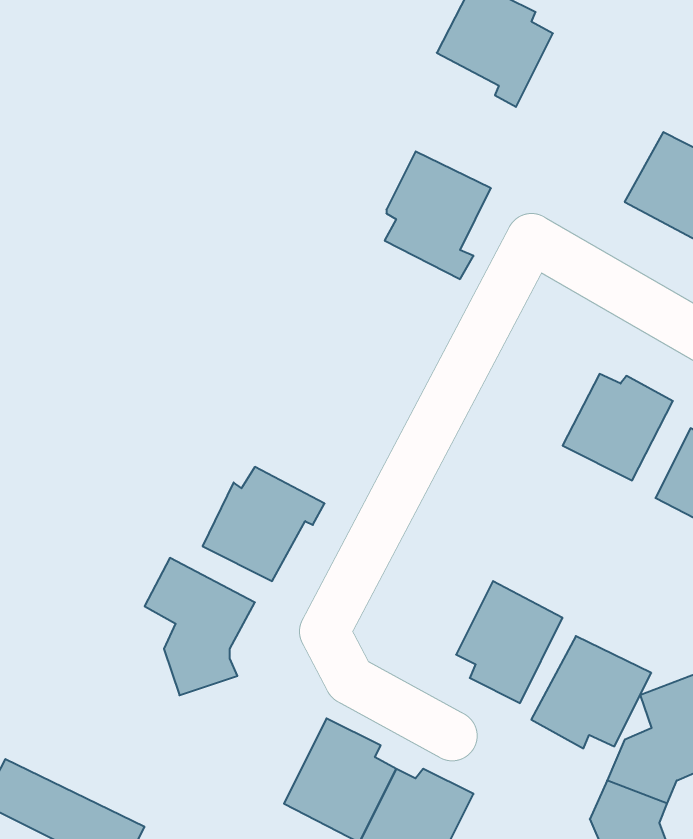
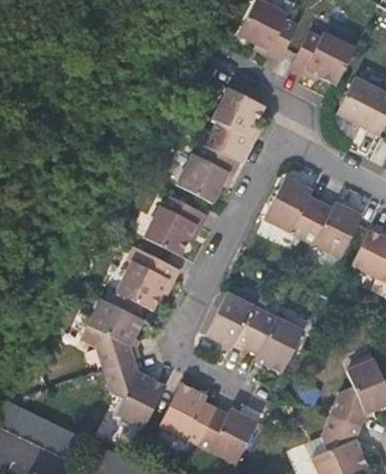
building: none -> [291,32,355,85]
building: none -> [176,144,240,205]
building: none -> [265,177,323,240]
building: none -> [144,197,207,255]
building: [531,636,651,748] -> [205,291,267,349]
building: none -> [105,360,166,428]

